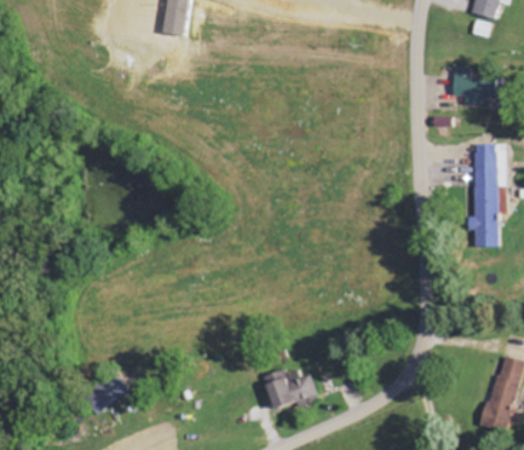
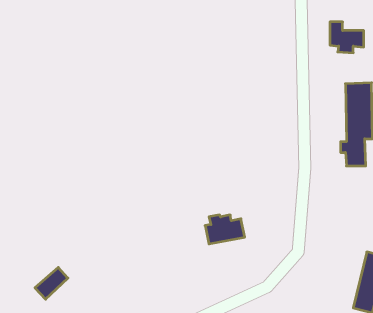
building: [265,370,315,406] -> [205,215,245,244]

